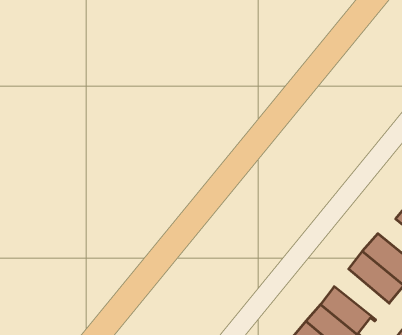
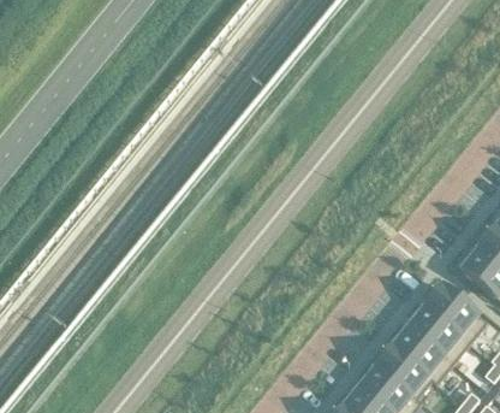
building: none -> [389,324,453,383]

